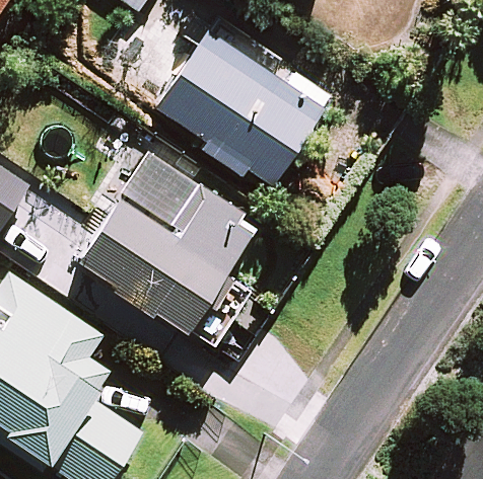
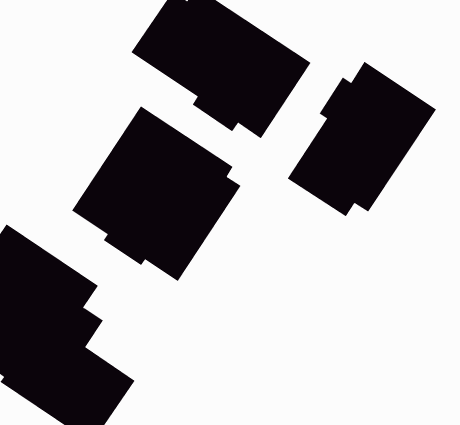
building: none -> [287,61,437,217]

